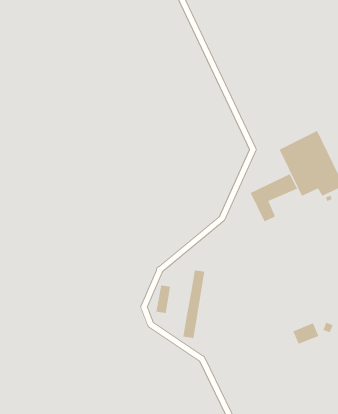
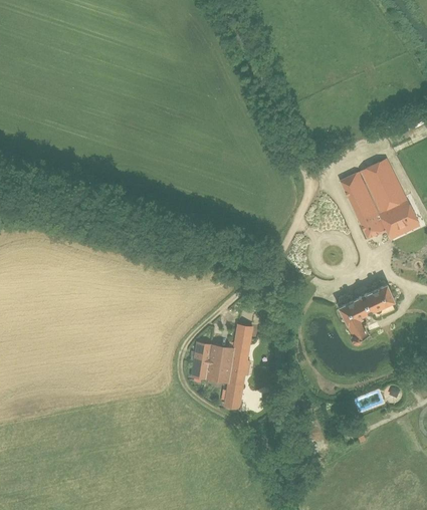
building: [250,174,298,222] -> [339,284,396,342]
building: none -> [206,346,235,382]

